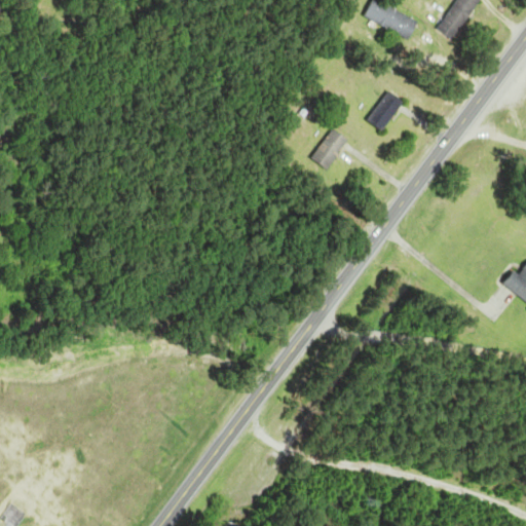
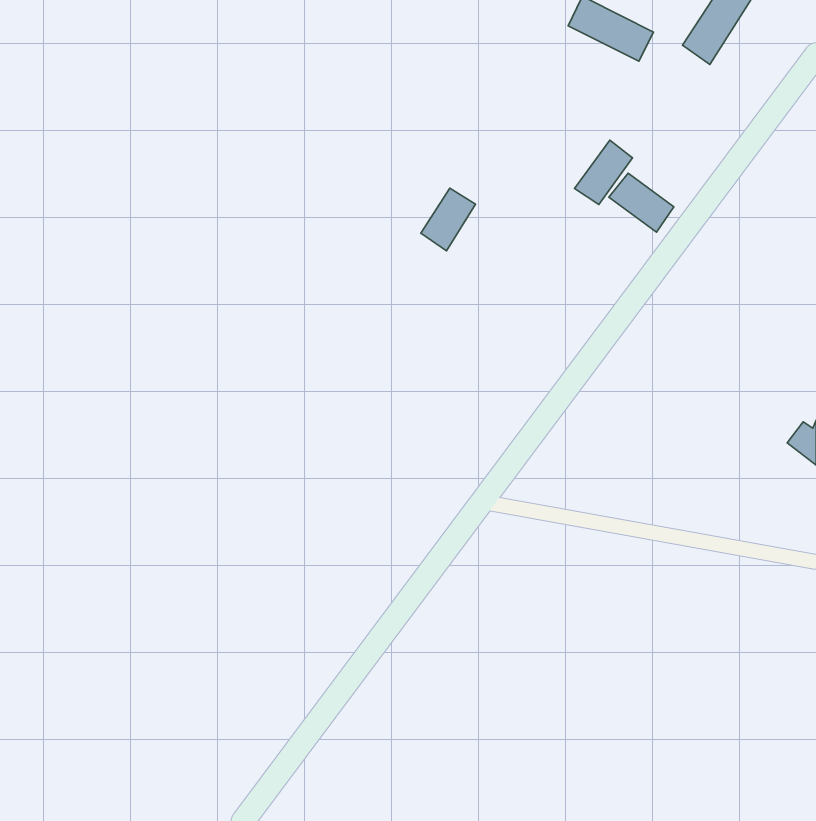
building: none -> [609,173,674,232]
building: [313,128,348,168] -> [421,188,476,251]

